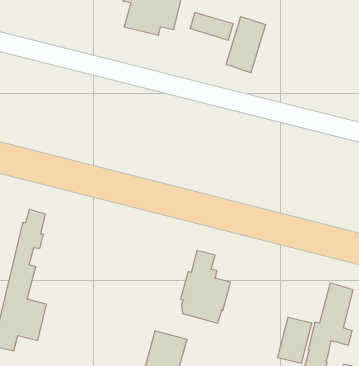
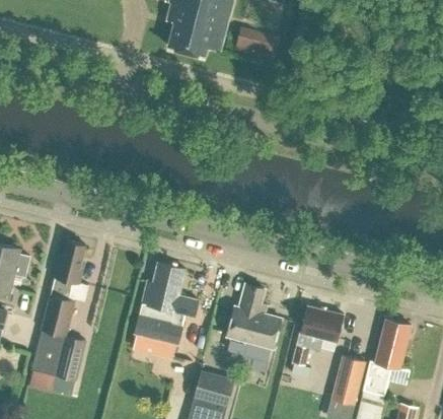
building: [226,17,265,73] -> none
building: none -> [133,264,199,358]
building: none -> [291,307,344,378]

